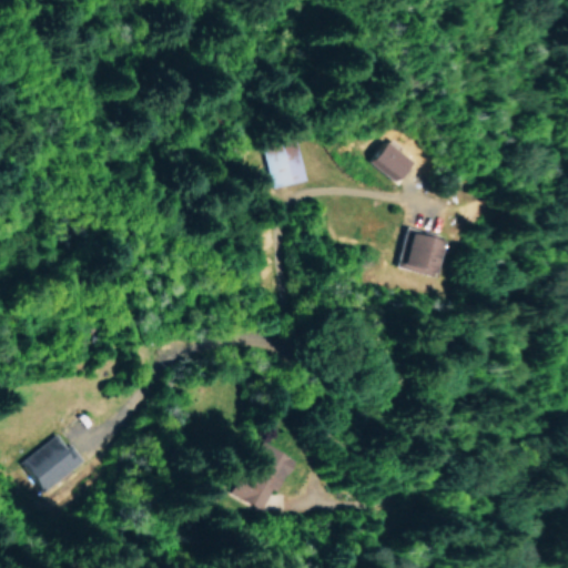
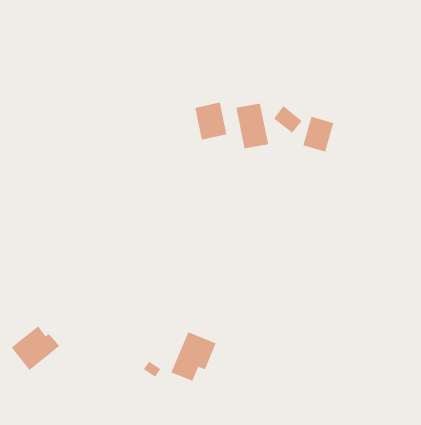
building: none -> [236,103,269,149]
building: [398,230,440,277] -> [303,116,334,152]

